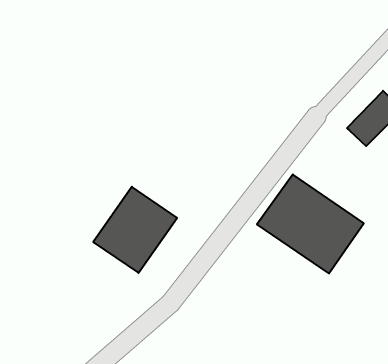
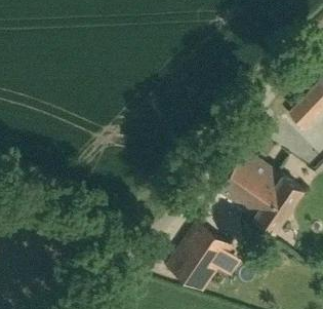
building: [93,187,177,273] -> [166,222,233,291]

